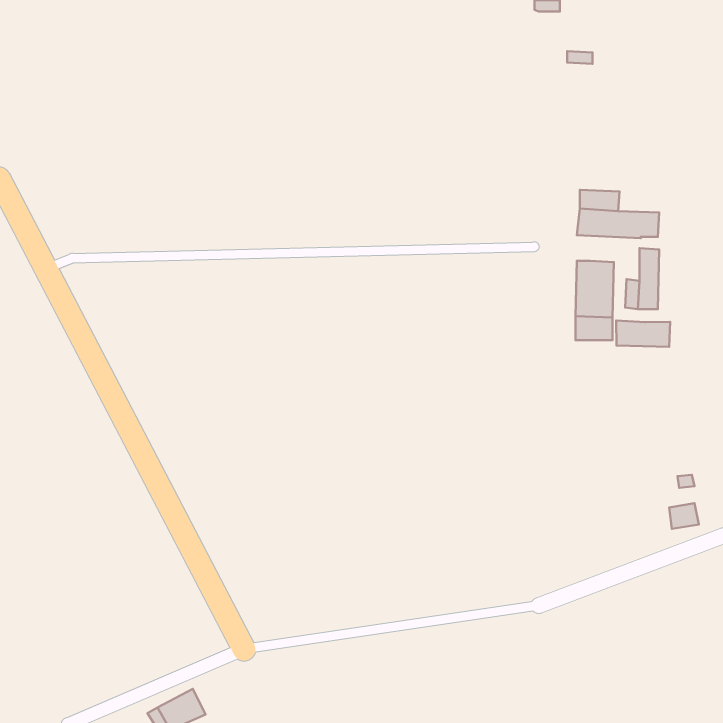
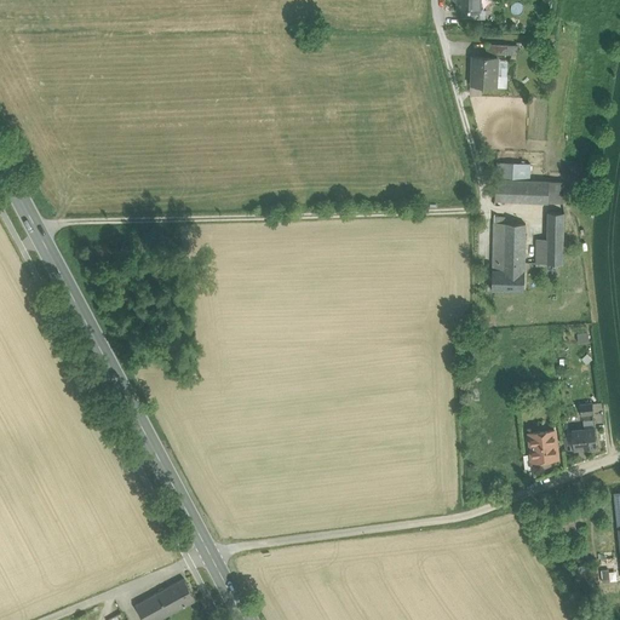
building: none -> [470,57,496,87]
building: [616,320,670,347] -> none
building: none -> [528,431,556,461]
building: none -> [165,580,195,612]

